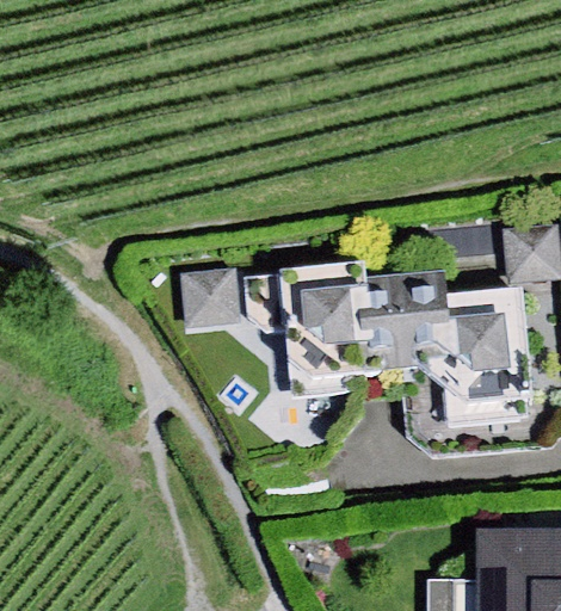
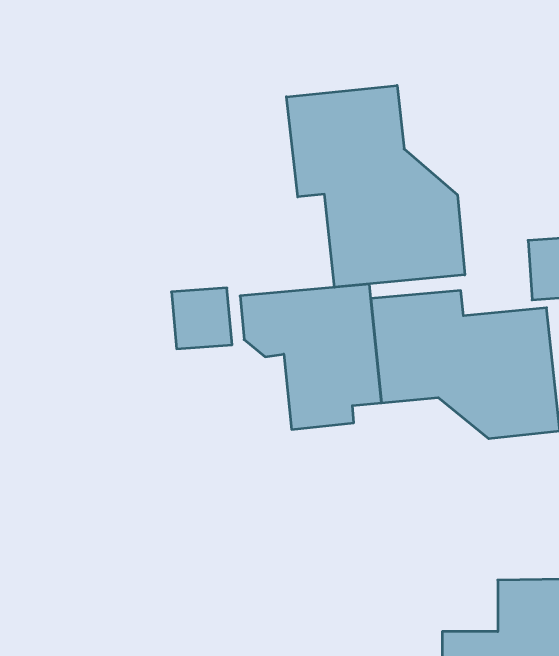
building: none -> [286,85,465,287]

